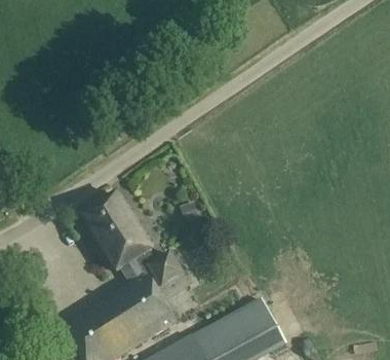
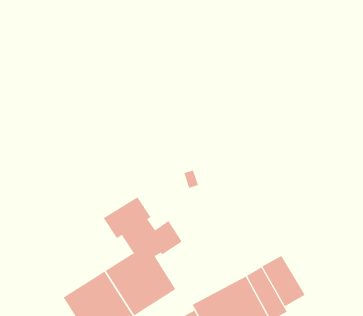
building: [83,191,140,248] -> none
building: none -> [261,255,306,307]

